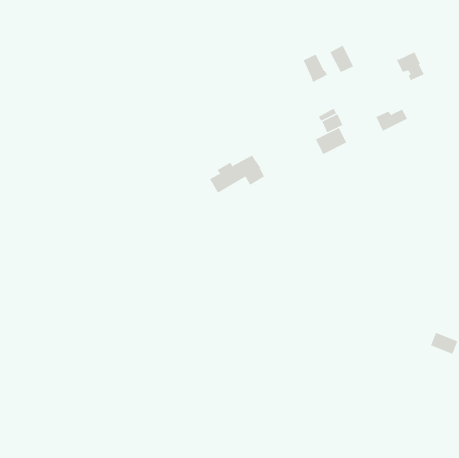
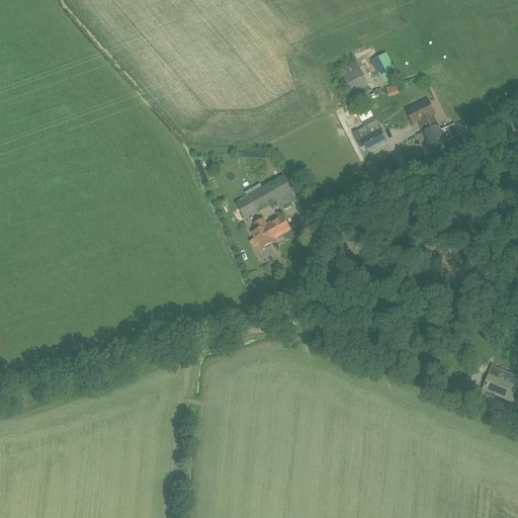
building: [396,50,424,81] -> [407,97,438,132]
building: [315,127,347,155] -> none
building: none -> [253,213,290,246]

